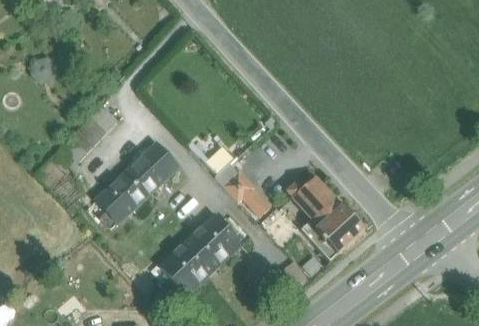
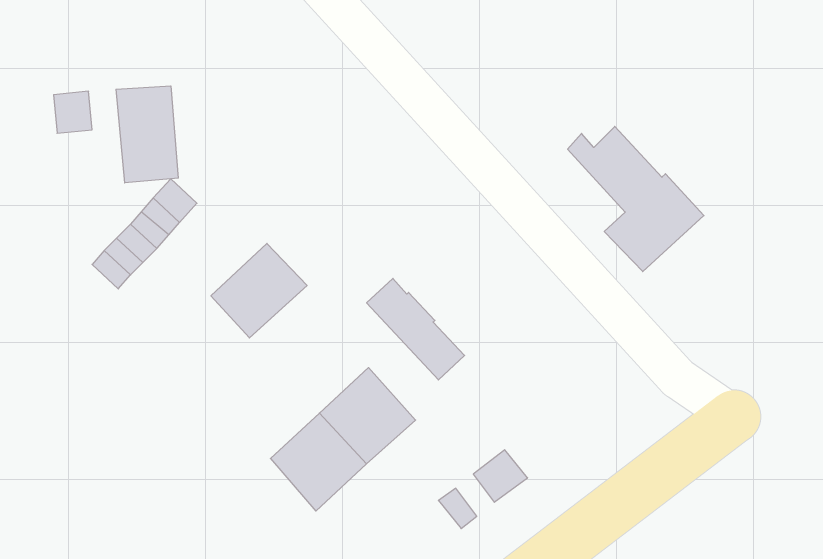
building: none -> [116,86,178,183]
building: [94,172,146,228] -> none
building: [286,177,364,260] -> [568,126,704,272]

